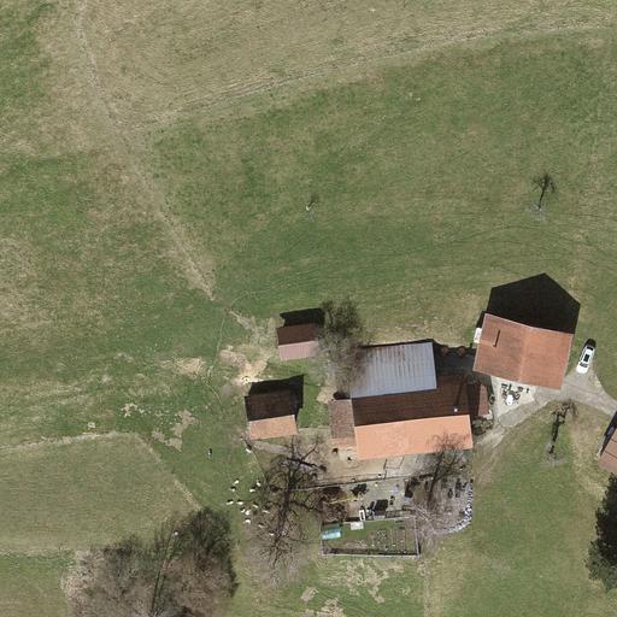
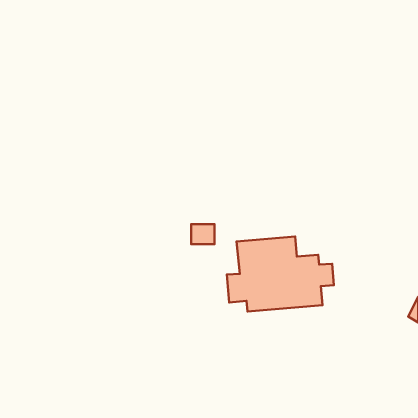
building: [476,317,571,388] -> none
building: [246,396,295,440] -> none

